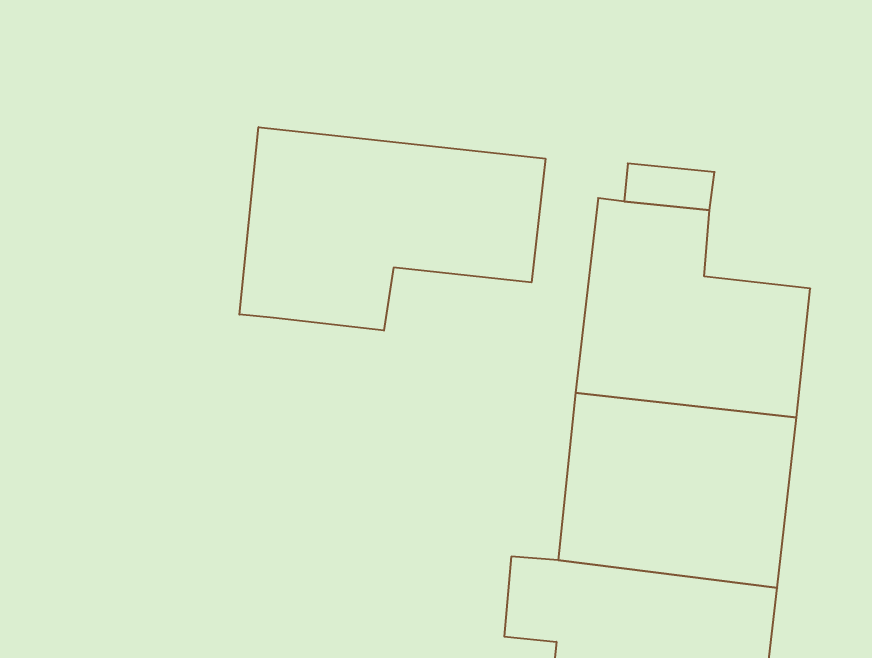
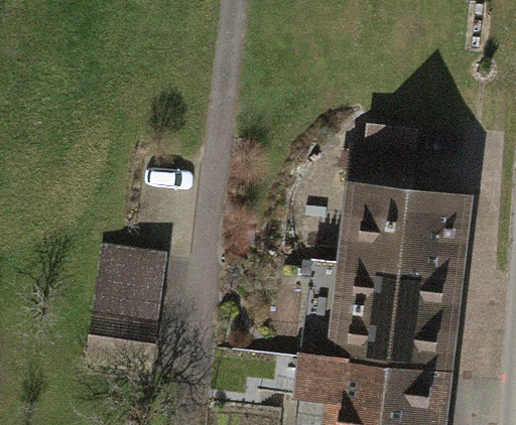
building: [239,127,545,331] -> none
building: none -> [85,244,163,367]

